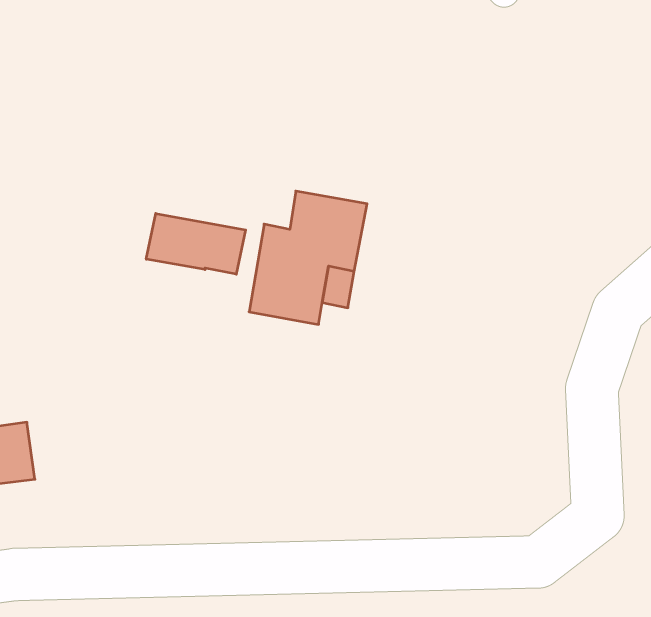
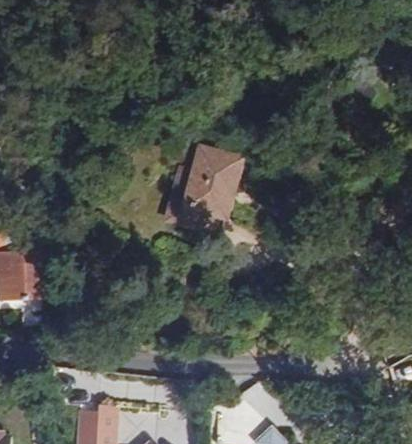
building: [146,213,246,274] -> none

